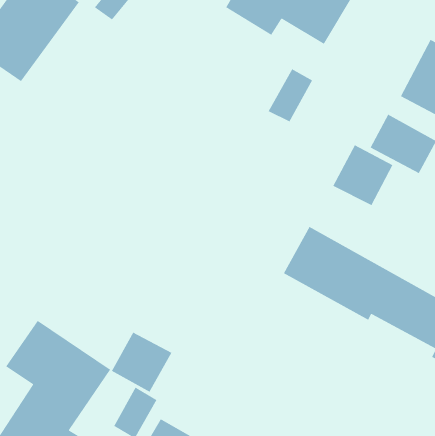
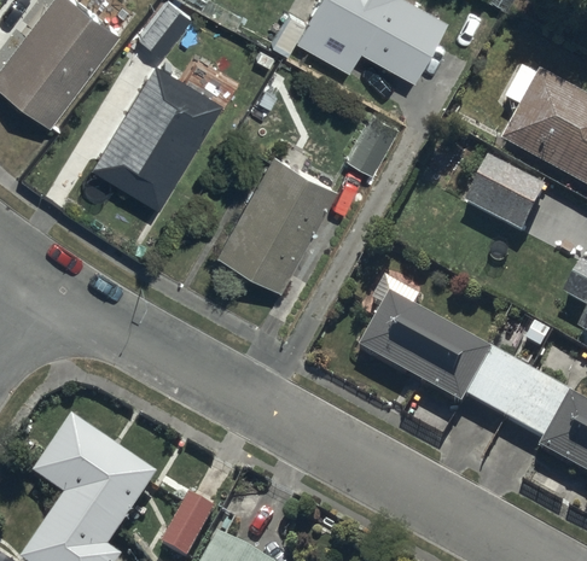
building: none -> [92,63,223,209]
building: none -> [219,153,339,291]
building: [332,144,393,206] -> none
building: [111,331,173,393] -> none

